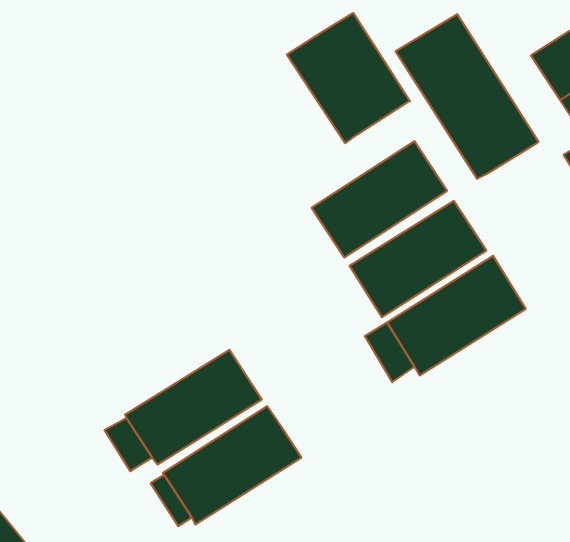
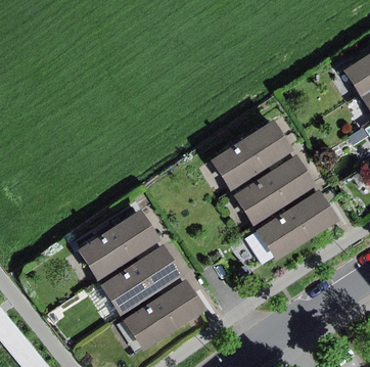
building: [287,13,410,143] -> none
building: [396,14,539,179] -> none
building: none -> [78,208,160,280]

